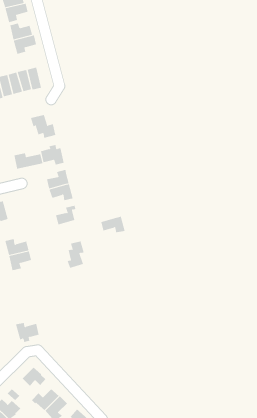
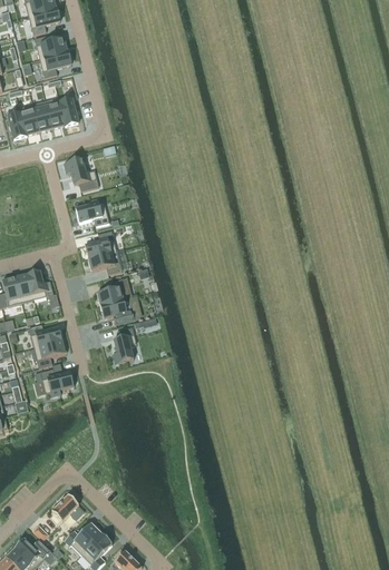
building: [14,152,43,170] -> none
building: none -> [27,271,54,298]
building: [100,216,126,233] -> [99,298,133,321]
building: [15,322,39,342] -> [40,370,72,396]

